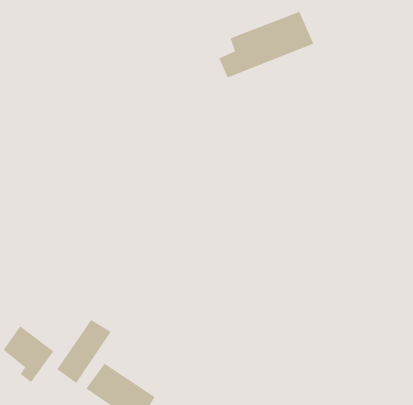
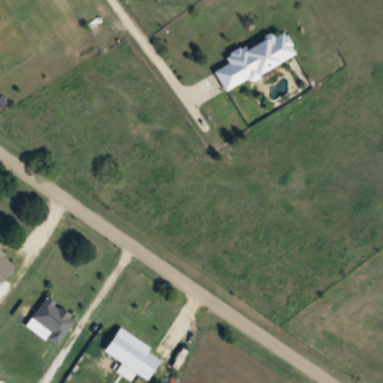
building: [57,319,111,384] -> none

